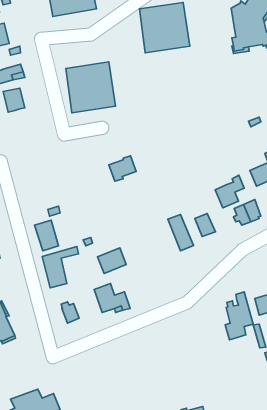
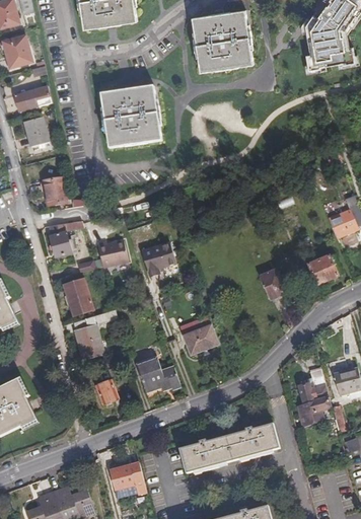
building: none -> [44,177,66,205]
building: [109,156,136,181] -> [142,243,175,275]
building: none -> [48,220,83,256]
building: [215,175,244,208] -> none
building: none -> [97,239,128,267]
building: [168,214,194,251] -> none
building: [97,248,126,273] -> [183,324,218,356]
building: none -> [182,423,281,471]
building: none -> [109,462,138,491]

